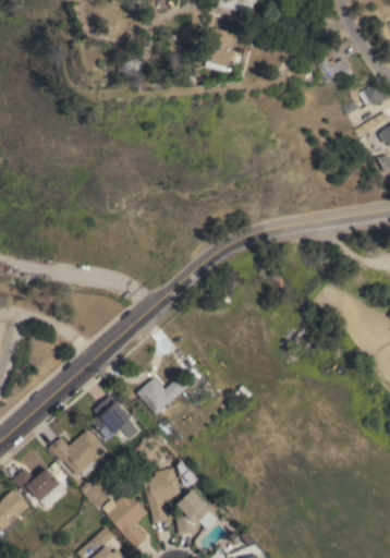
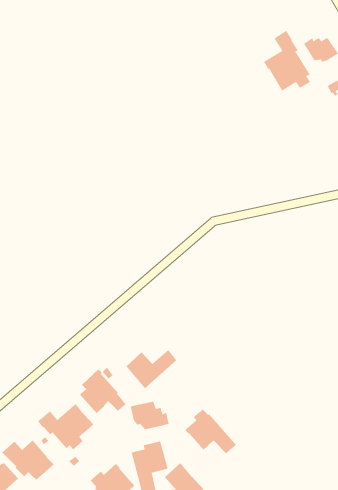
building: [206,26,237,73] -> none
building: none -> [263,30,311,92]
building: none -> [130,401,169,430]
building: none -> [185,408,237,454]

